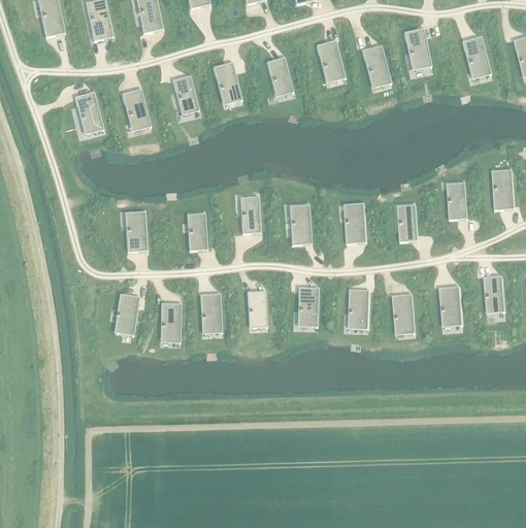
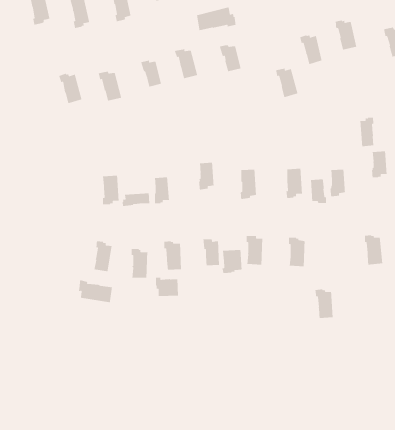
building: none -> [196,7,237,31]
building: [316,41,343,78] -> [275,67,299,98]
building: none -> [360,117,374,147]
building: none -> [310,178,327,204]
building: none -> [122,193,150,207]
building: [391,294,414,330] -> [315,289,334,319]
building: none -> [222,249,242,274]
building: none -> [155,277,179,297]
building: none -> [78,279,113,303]

